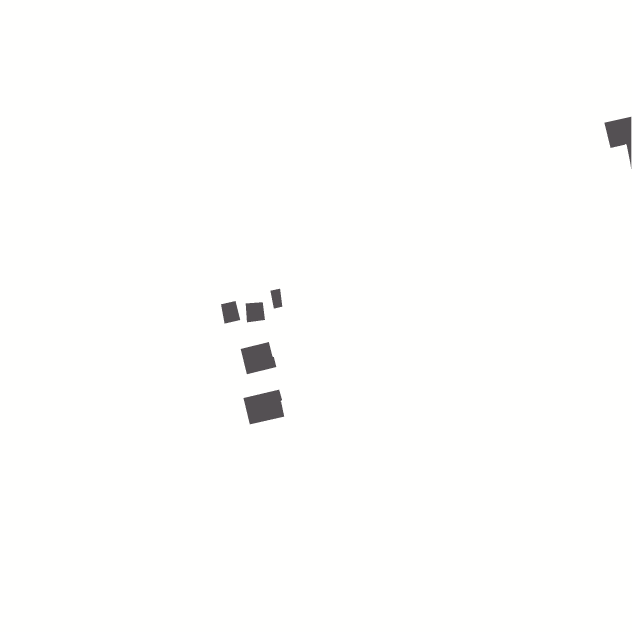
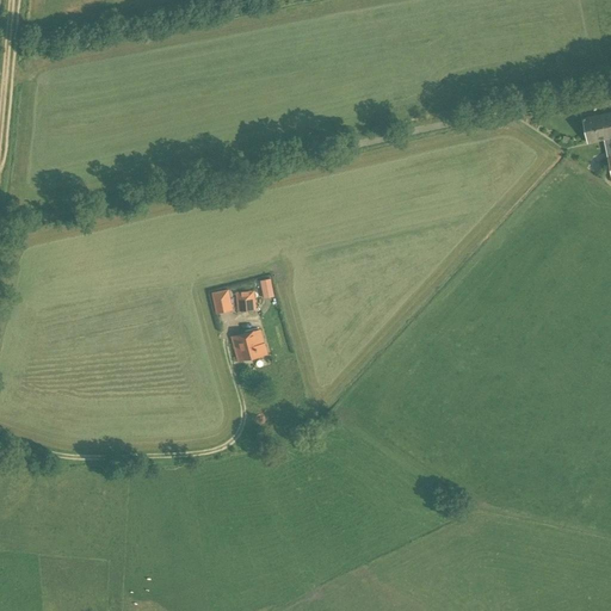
building: [243,389,285,425] -> none

